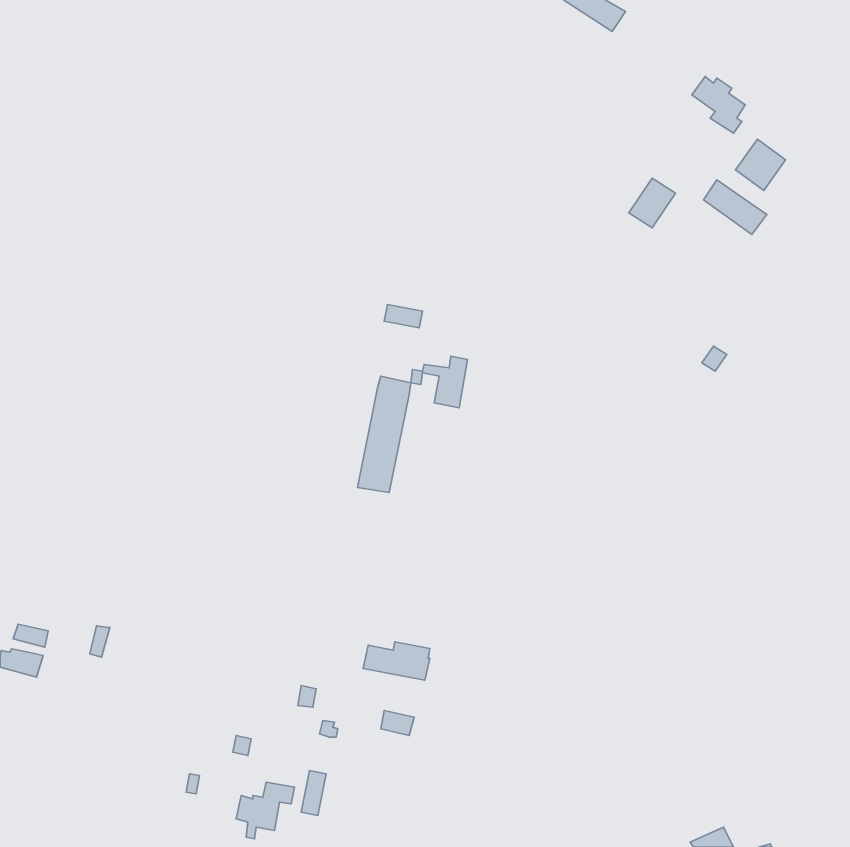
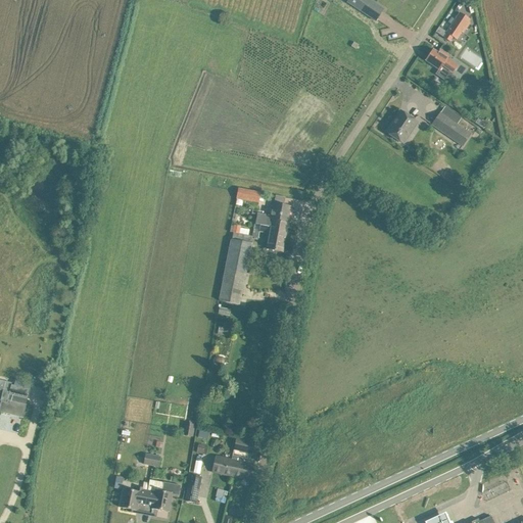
building: none -> [444,10,470,40]
building: [736,139,786,190] -> none
building: none -> [256,201,290,226]
building: [363,642,430,680] -> [212,454,253,477]
building: none -> [121,485,148,511]

